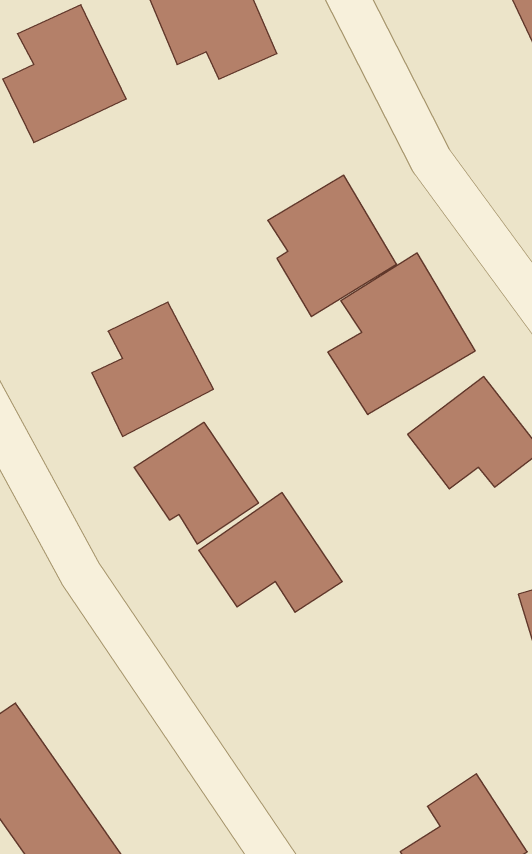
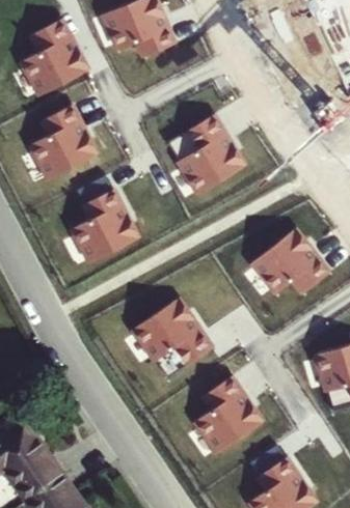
building: none -> [27,104,97,178]
building: [328,253,475,415] -> none
building: [134,422,258,544] -> none
building: none -> [190,374,262,454]

